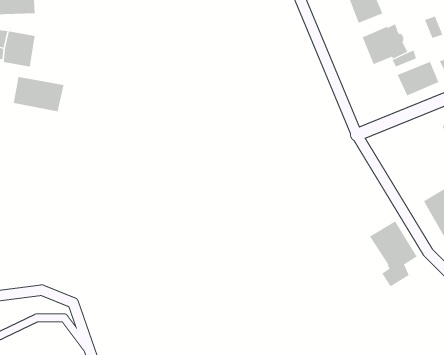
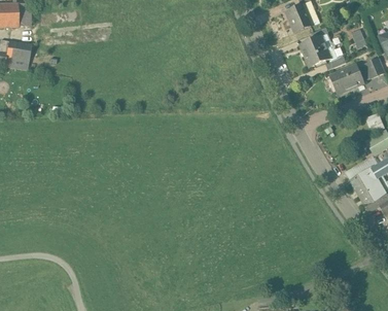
building: [13,76,64,112] -> none
building: [369,221,418,287] -> none

